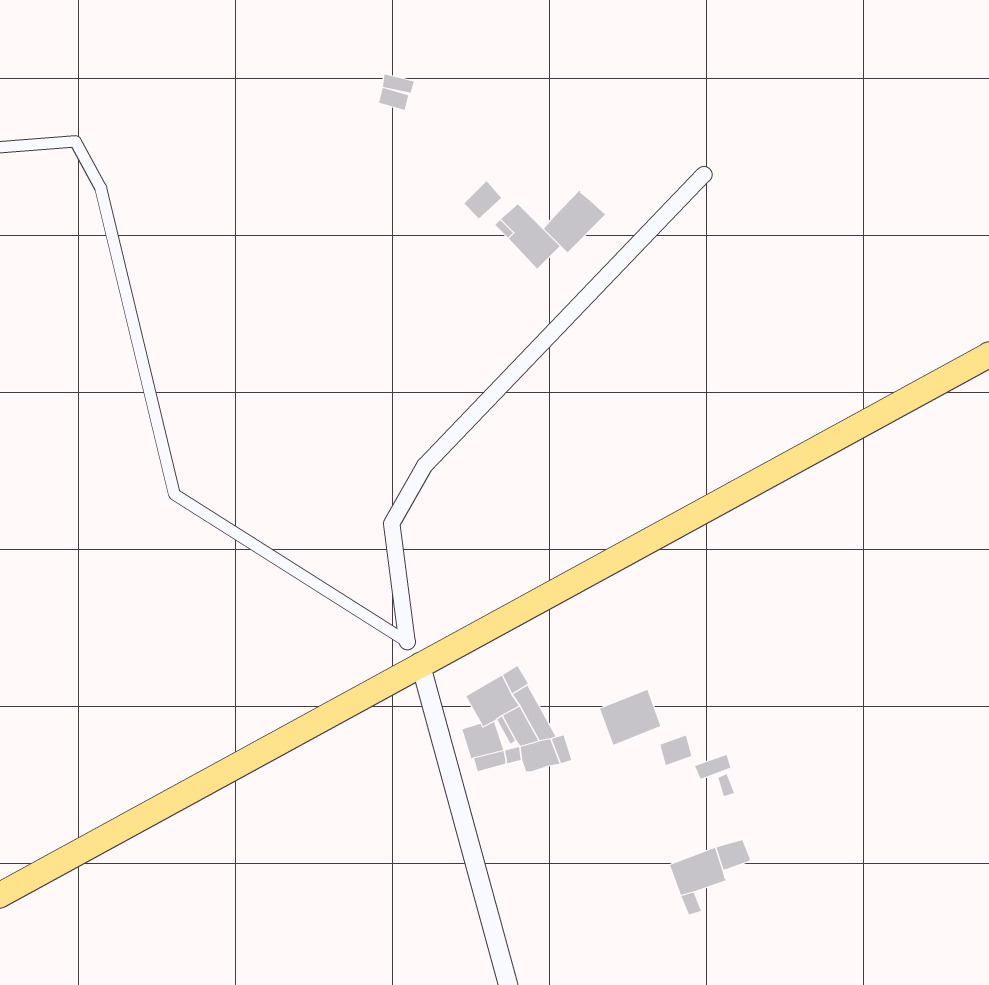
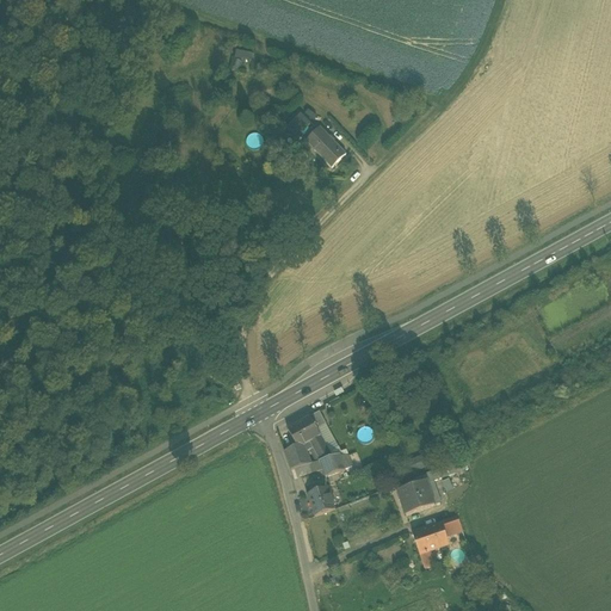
building: [543,190,606,253] -> none
building: [599,689,661,745] -> [399,480,437,514]
building: none -> [304,486,333,514]

